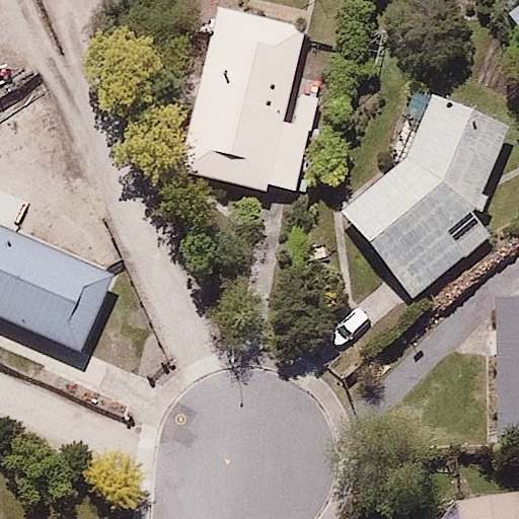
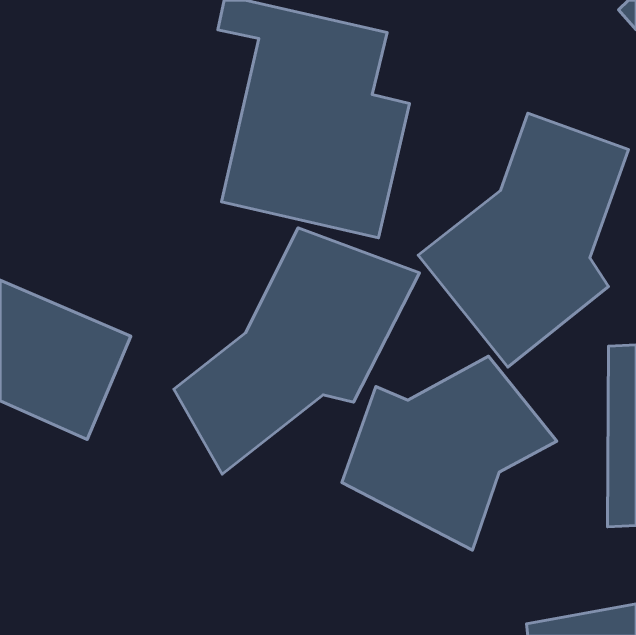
building: none -> [174,228,419,474]
building: none -> [342,356,557,550]

